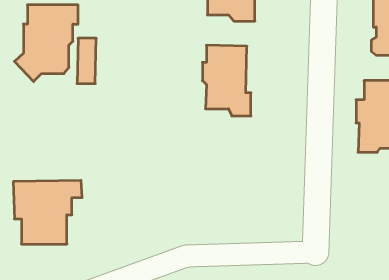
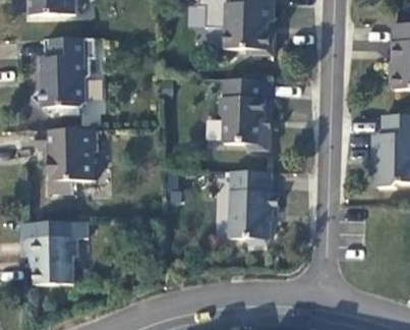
building: none -> [34,129,95,193]
building: none -> [226,170,276,242]

